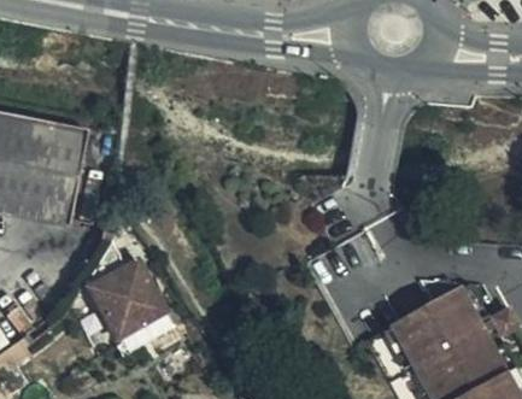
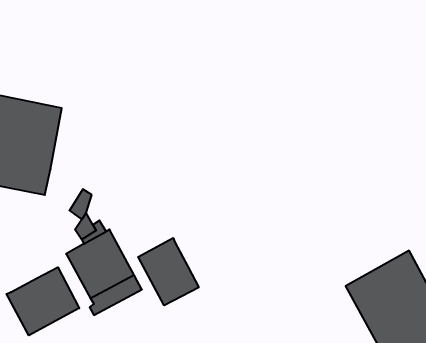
building: none -> [138,238,199,305]
building: none -> [6,267,79,335]

